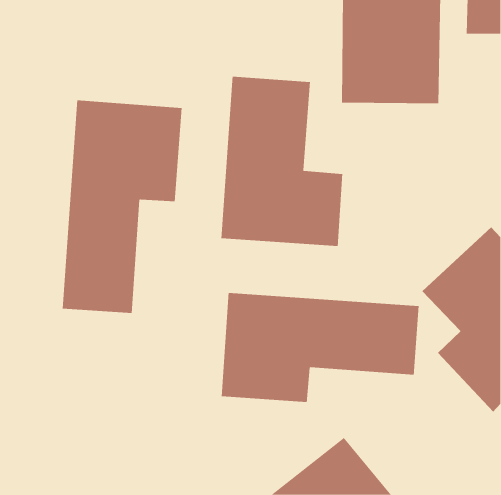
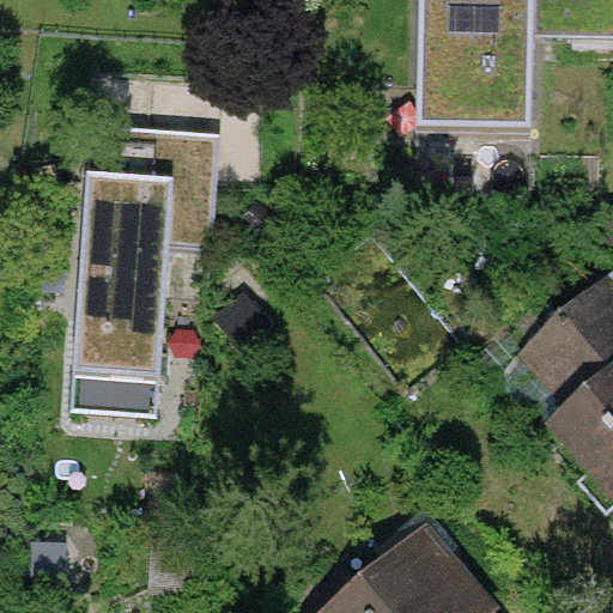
building: [221,76,343,247] -> none
building: [221,292,419,403] -> none

